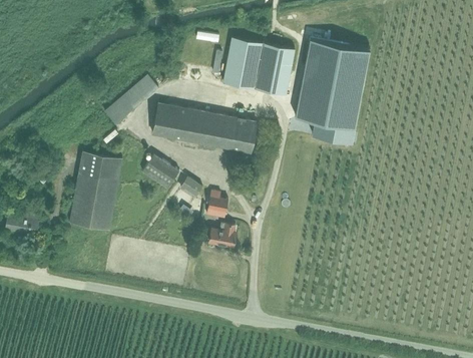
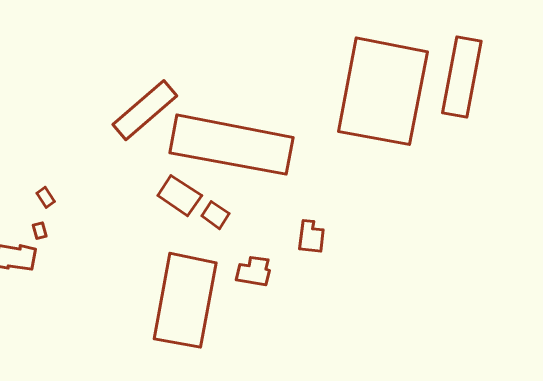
building: [222,37,295,95] -> none
building: none -> [443,37,481,117]
building: [70,150,122,230] -> [154,253,216,347]
building: [206,192,226,218] -> [300,220,323,251]

